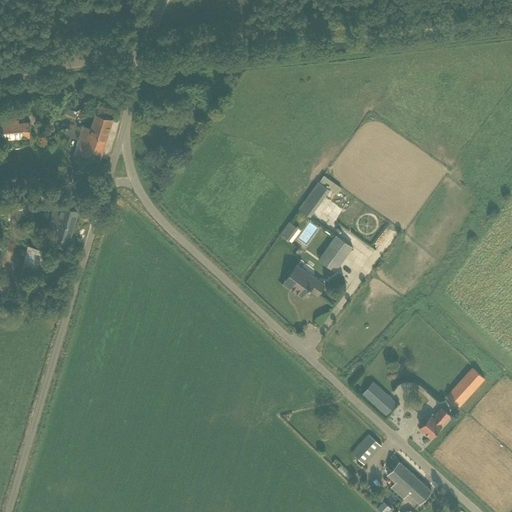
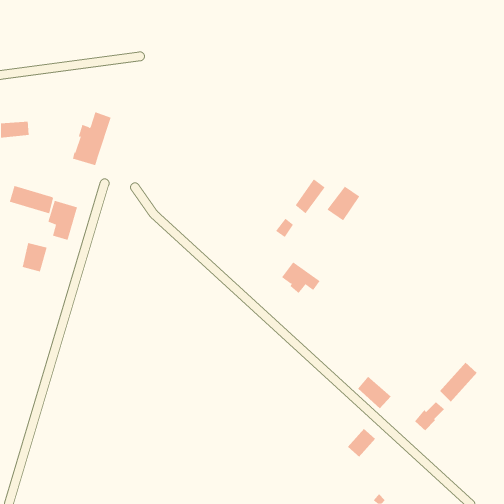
building: none -> [9,185,54,214]
building: [318,235,352,271] -> [327,186,360,221]
building: [387,461,431,503] -> none

